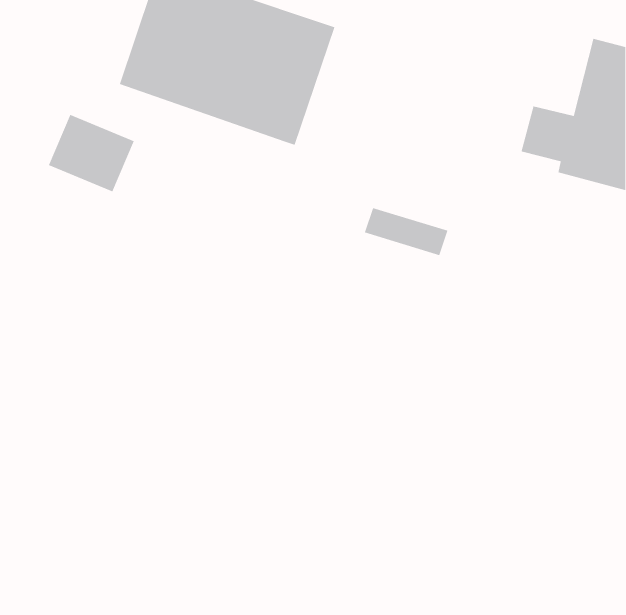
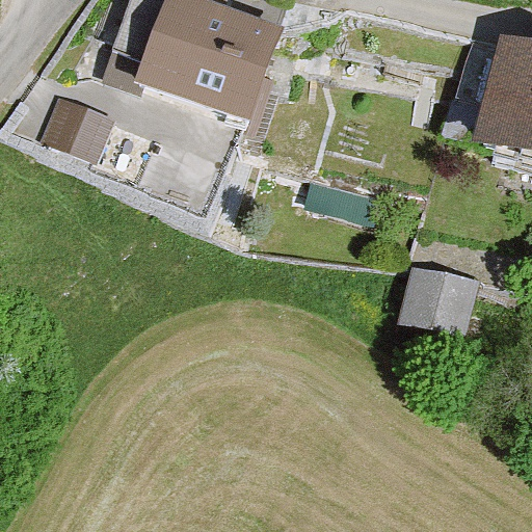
building: none -> [405,261,478,331]

